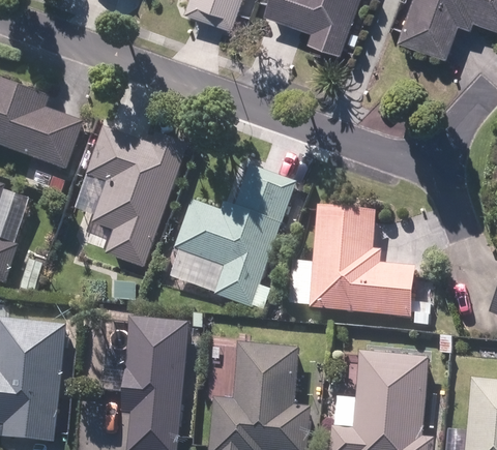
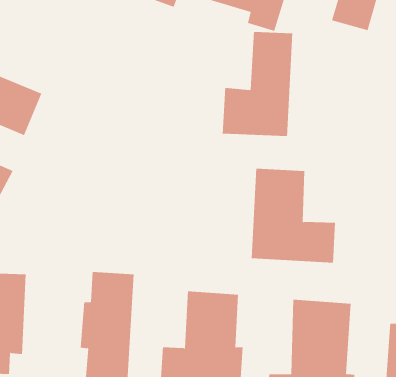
building: none -> [222,31,293,137]
building: [90,122,183,264] -> none
building: [172,170,290,302] -> none

